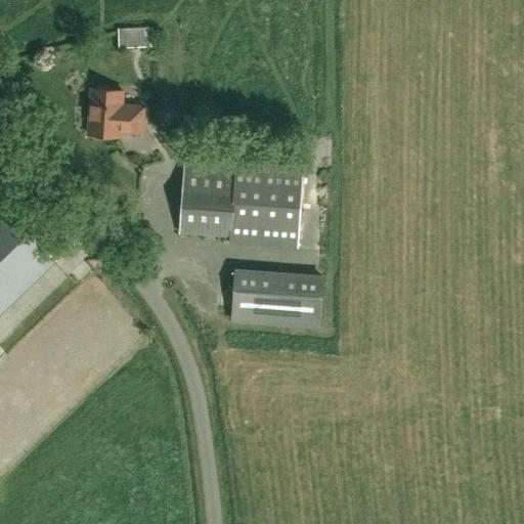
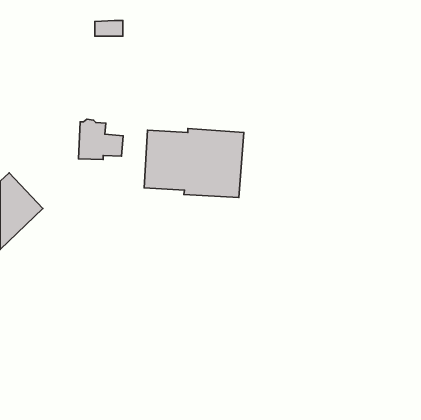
building: [87,87,142,137] -> [79,119,123,160]
building: [231,270,322,324] -> none

